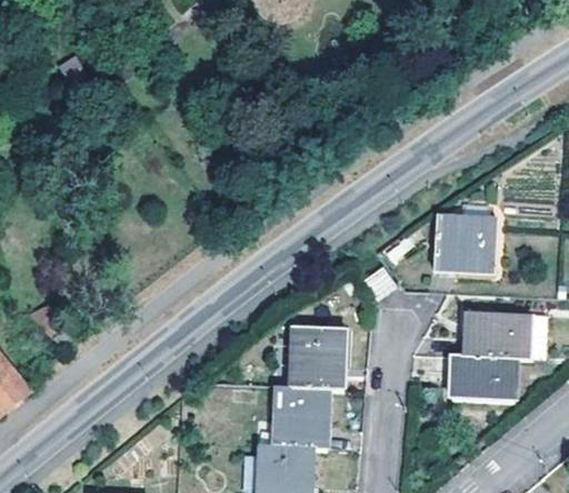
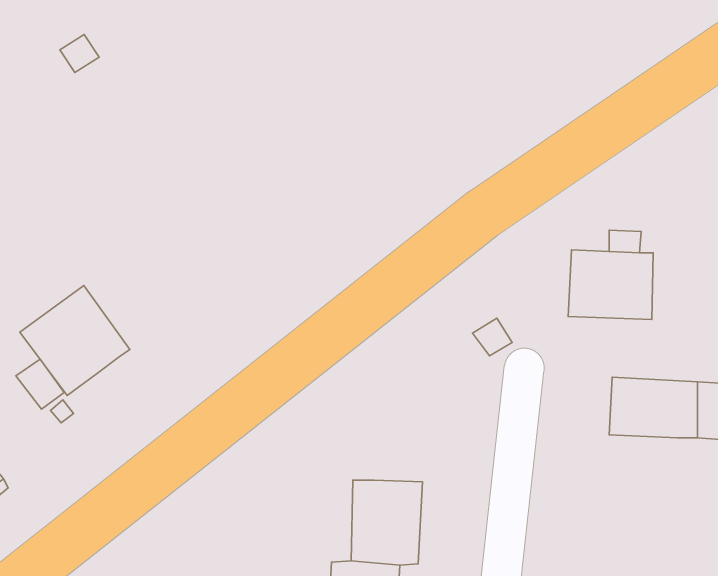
building: none -> [20,285,130,396]
building: [291,326,343,389] -> none
building: [450,353,513,401] -> none

